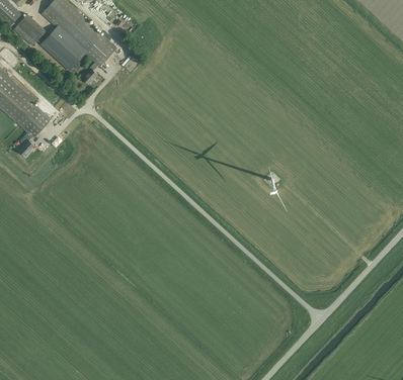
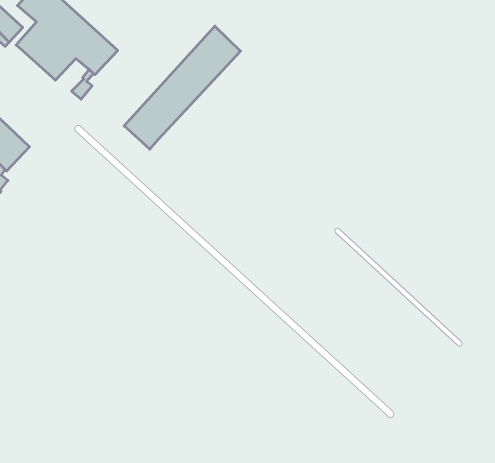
building: none -> [124,26,241,149]

